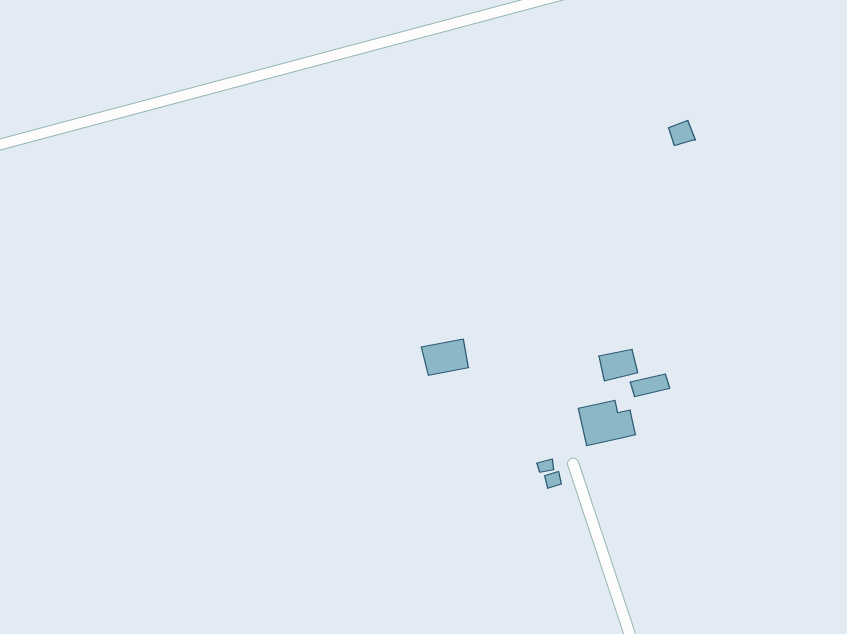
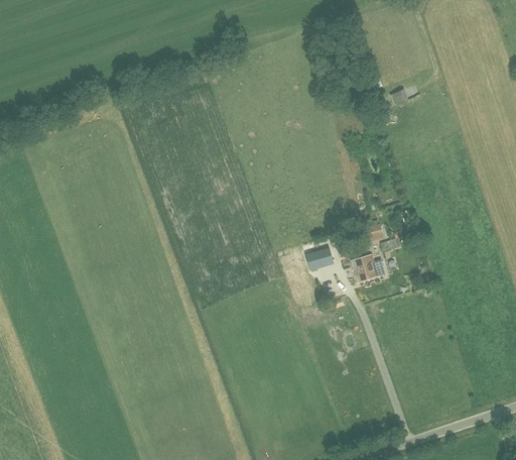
building: [421,339,469,375] -> [305,247,334,269]

